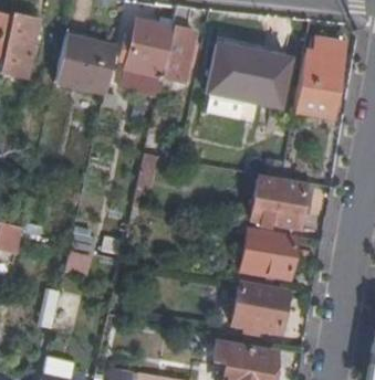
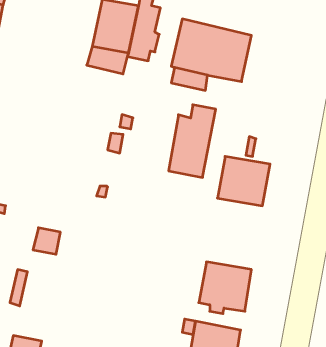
building: [55,36,115,92] -> none
building: [294,43,342,116] -> [169,105,216,177]
building: [242,232,300,282] -> none

